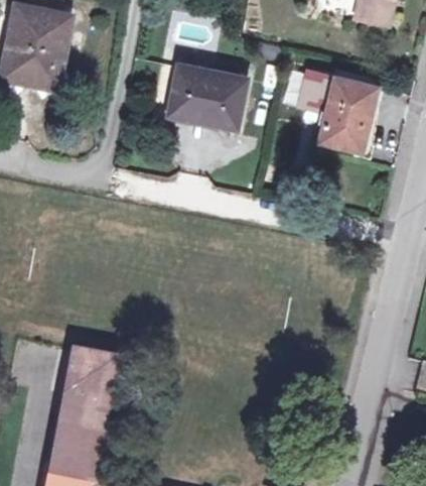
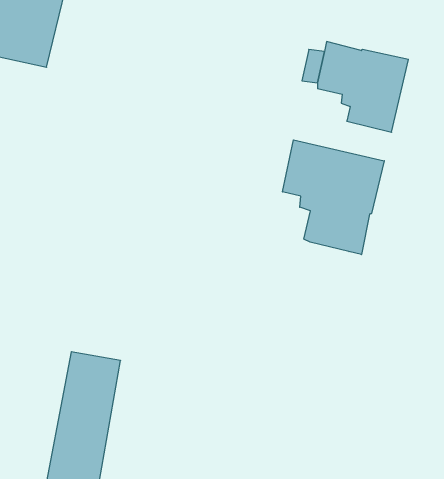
building: [167,65,244,128] -> none
building: none -> [283,140,384,255]

